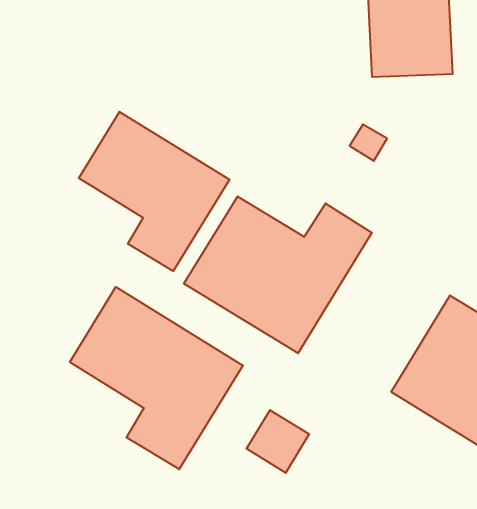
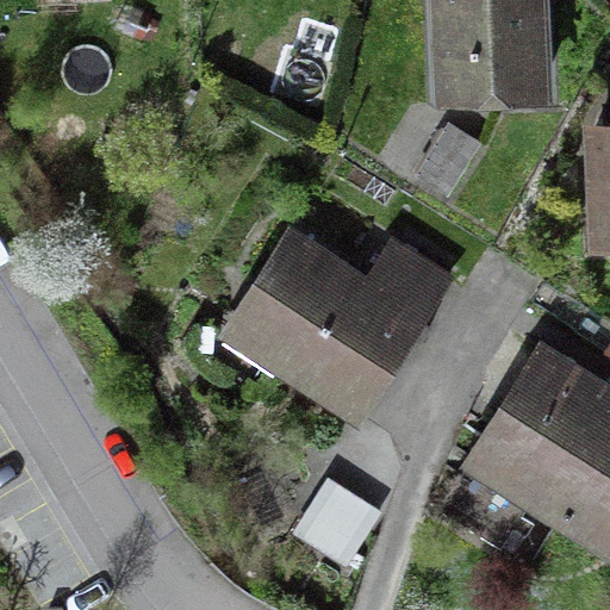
building: [79,112,229,271] -> none
building: [70,287,243,469] -> none

